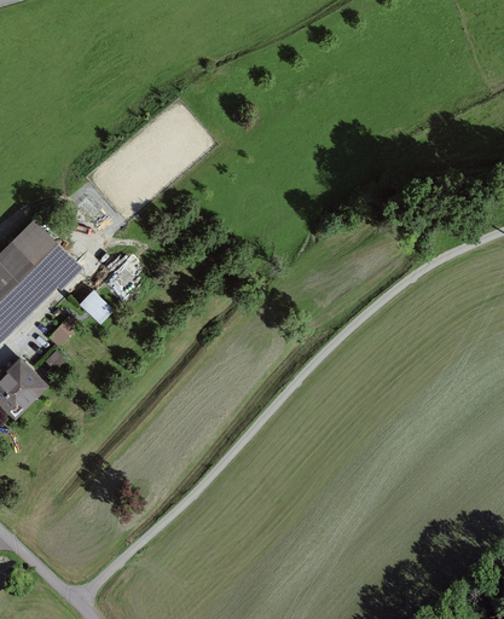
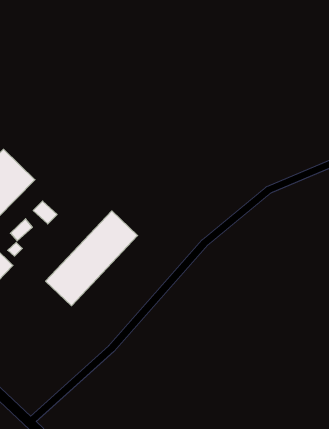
building: none -> [46,211,138,306]

